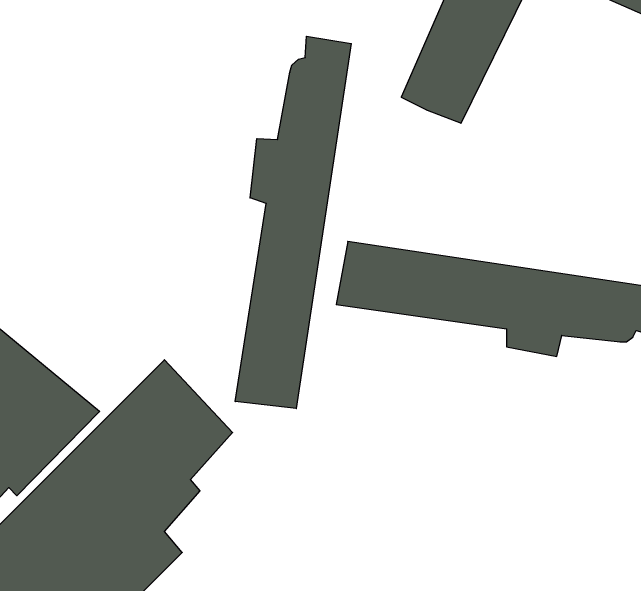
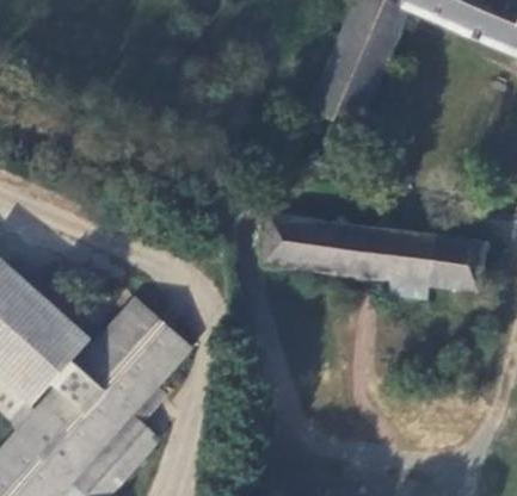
building: [235,36,351,409] -> none

